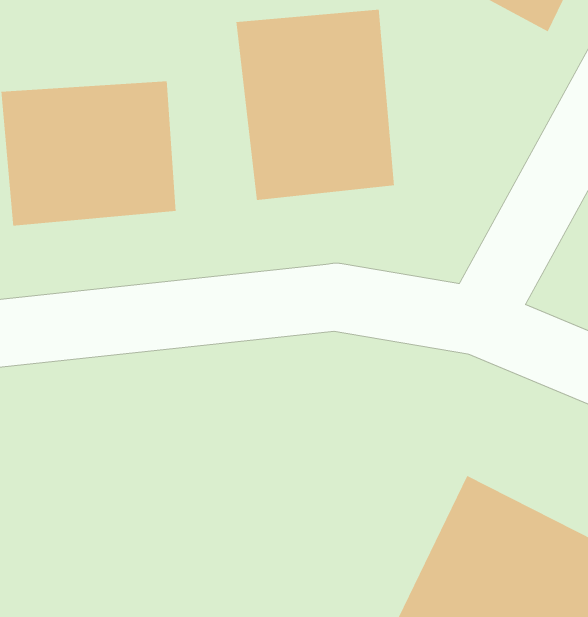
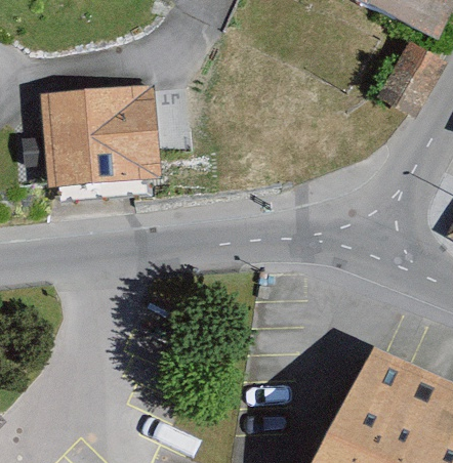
building: [236,9,395,201] -> none

